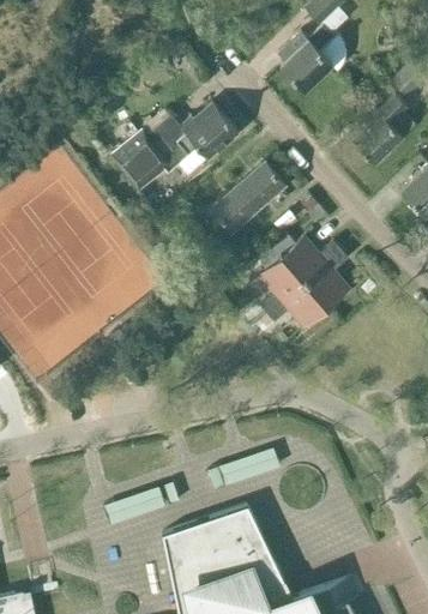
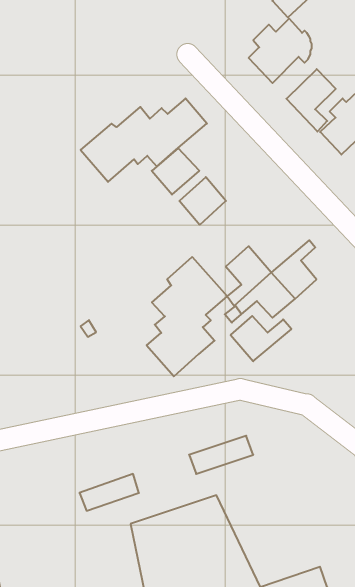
building: none -> [286,69,336,132]
building: [236,163,284,210] -> [152,148,199,195]
building: [279,236,340,282] -> [231,316,291,361]
building: none -> [147,257,227,376]

